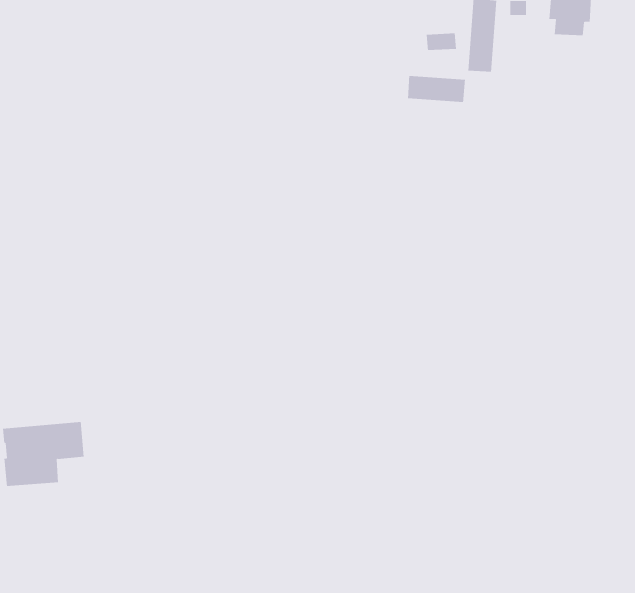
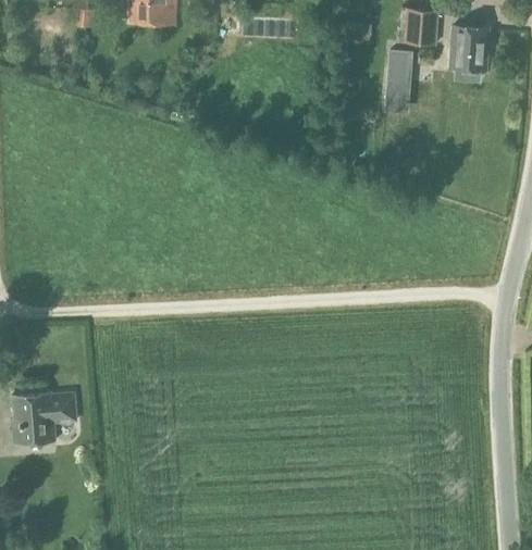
building: [408,75,466,103] -> none

